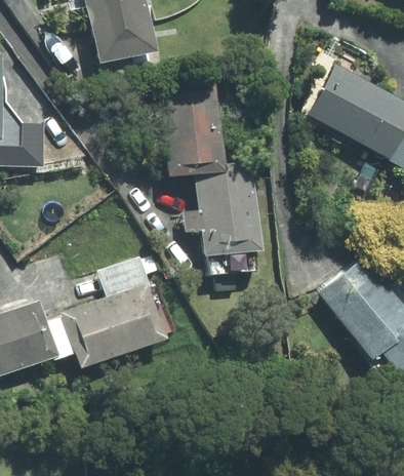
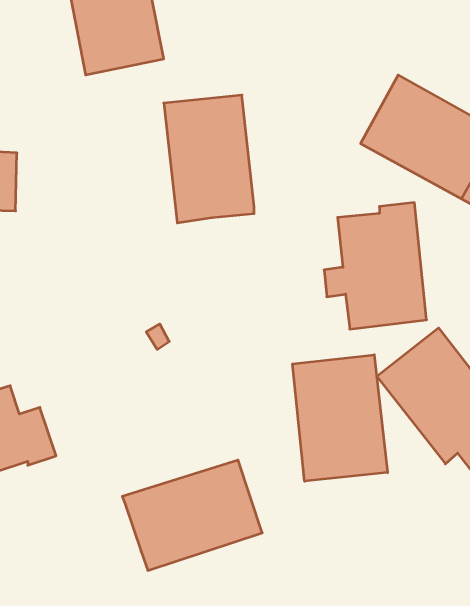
building: [184,160,261,256] -> [324,203,427,329]
building: none -> [293,355,388,481]
building: [60,283,167,367] -> [122,460,262,570]

